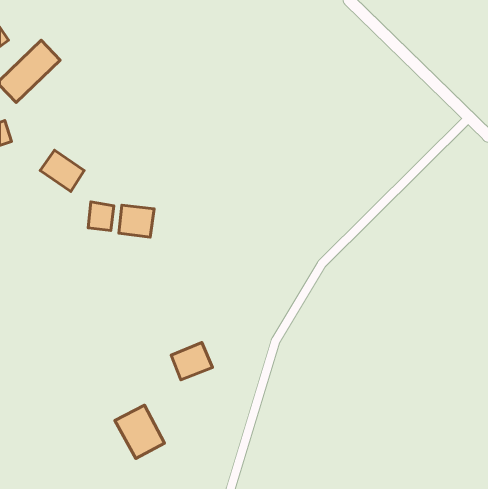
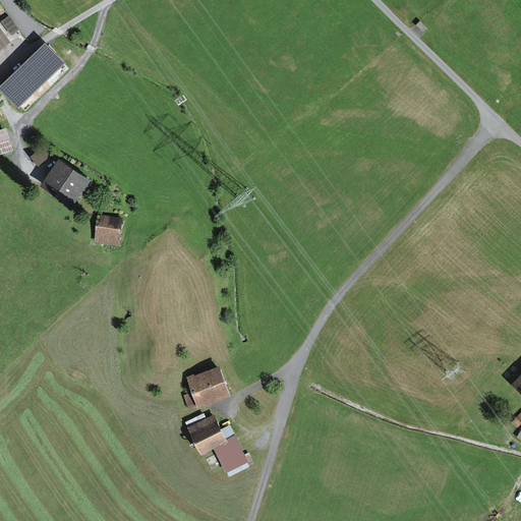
building: [119,205,154,237] -> none
building: [115,405,165,459] -> [188,411,241,468]

